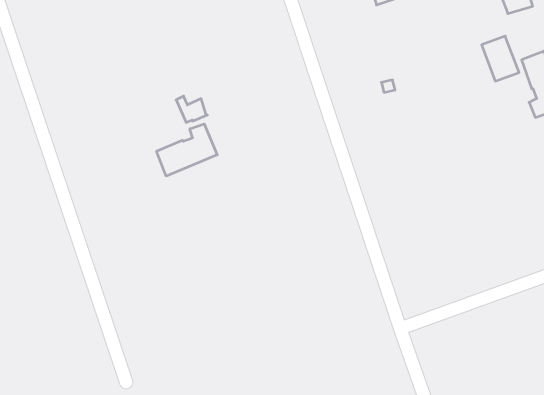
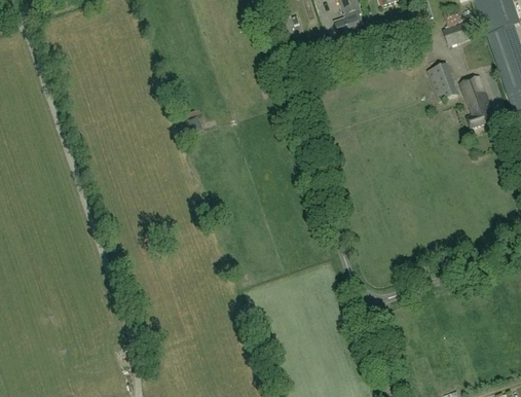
building: [157,124,217,176] -> none

